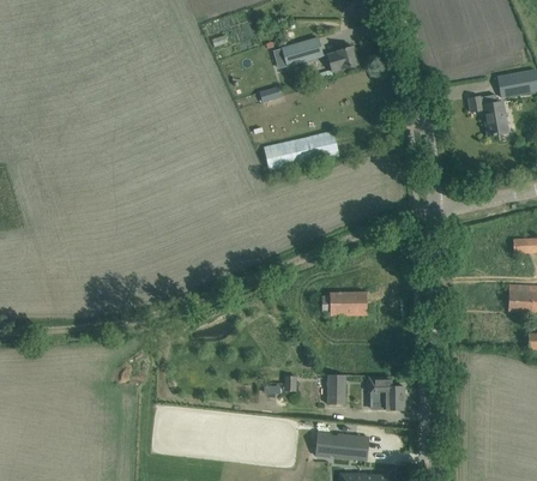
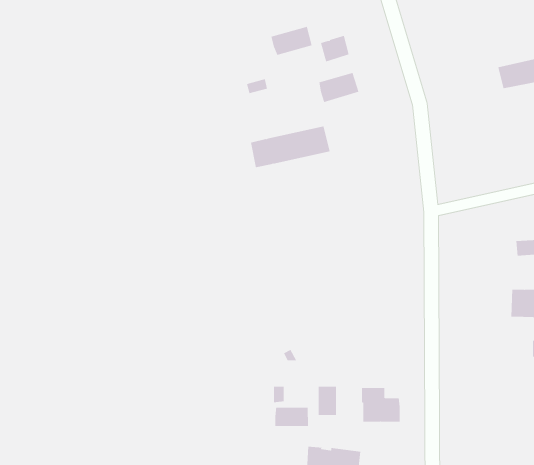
building: none -> [319,72,359,103]
building: [466,94,507,136] -> none
building: [320,291,366,314] -> none
building: none -> [275,407,308,427]

